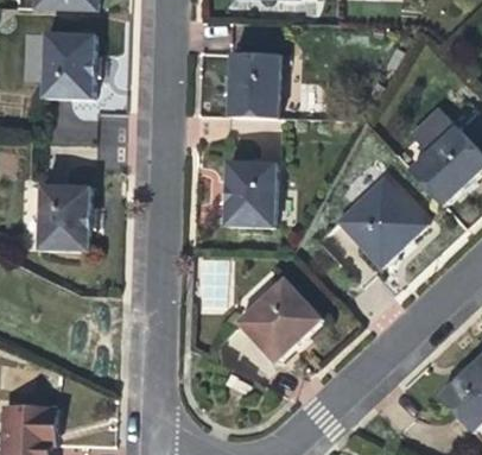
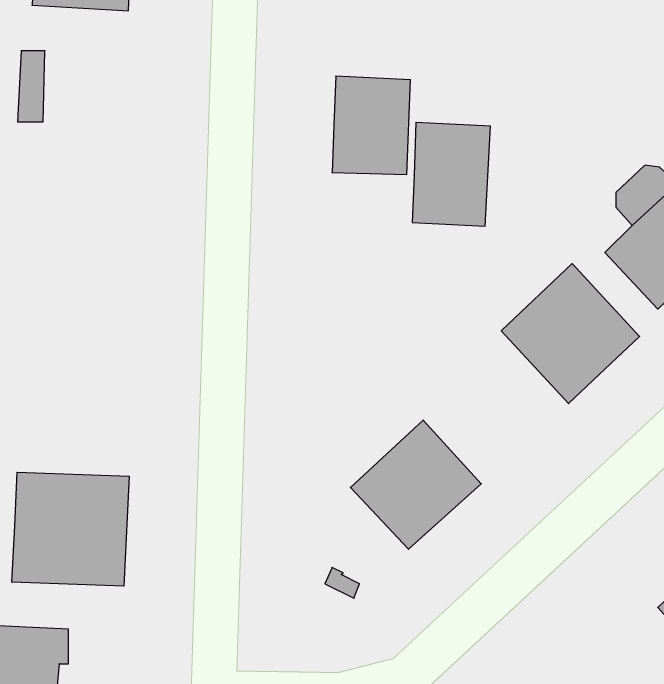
building: [44,31,96,97] -> none
building: [226,158,277,226] -> [412,122,490,226]
building: [37,183,89,244] -> none
building: none -> [12,472,129,586]

